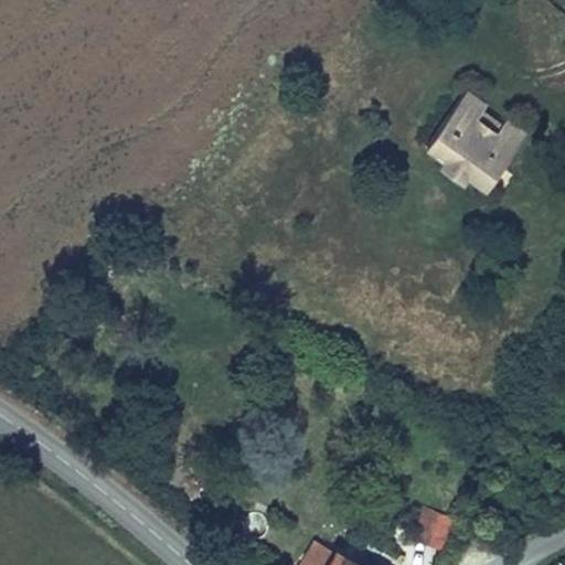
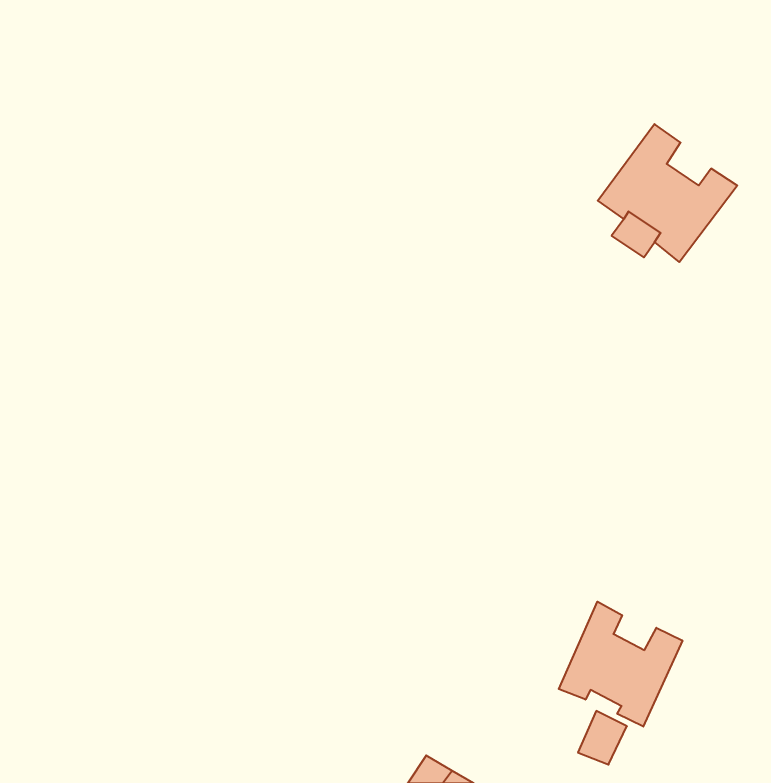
building: none -> [559,602,682,727]

